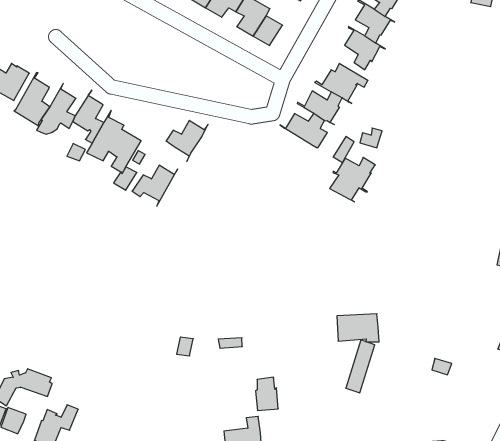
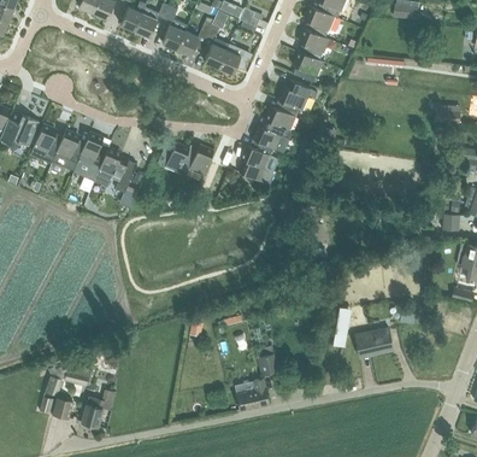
building: [330,157,375,202] -> [238,143,273,181]
building: [132,165,178,206] -> [179,146,214,180]
building: [337,314,379,342] -> [355,328,393,355]

